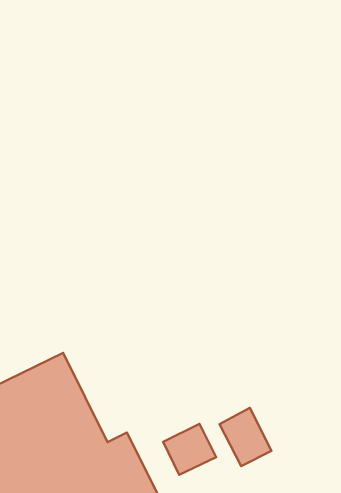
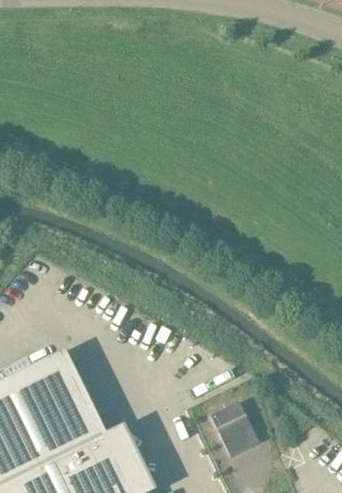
building: [163,424,216,475] -> none

